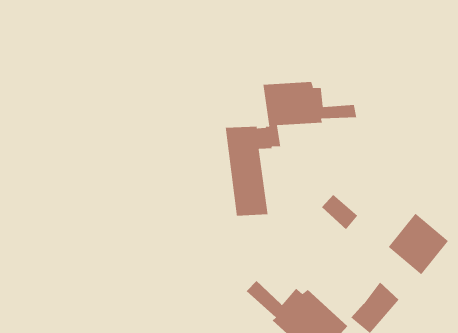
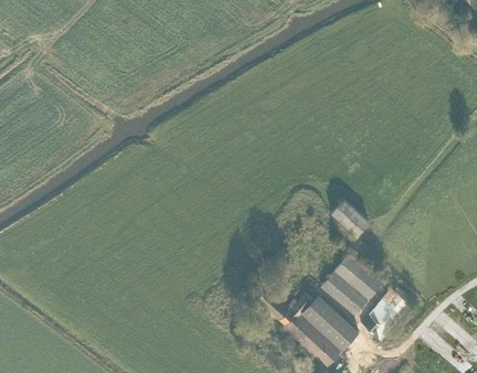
building: [225,81,357,217] -> none
building: [388,213,449,275] -> [321,252,383,315]

